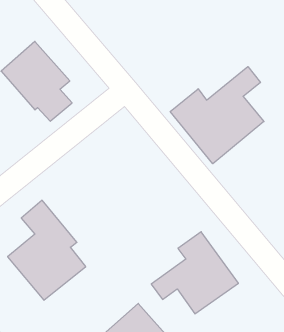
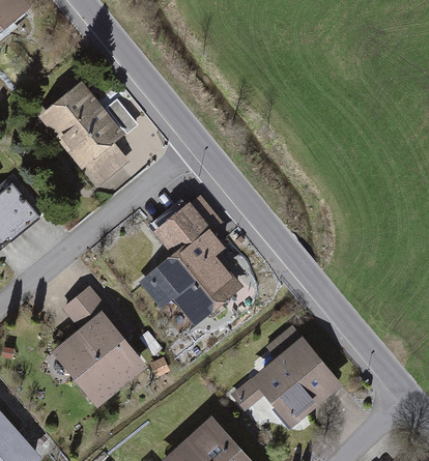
building: [170,67,264,164] -> none
building: none -> [123,205,242,335]

